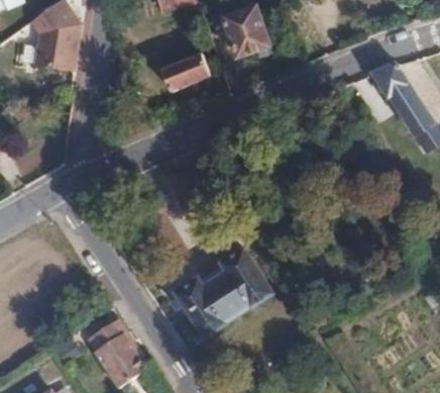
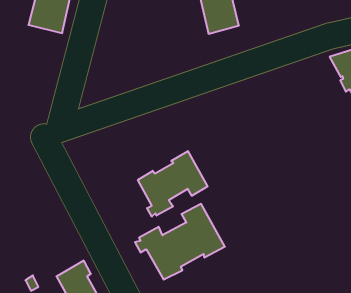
building: [159,54,209,92] -> none
building: none -> [138,151,208,217]

